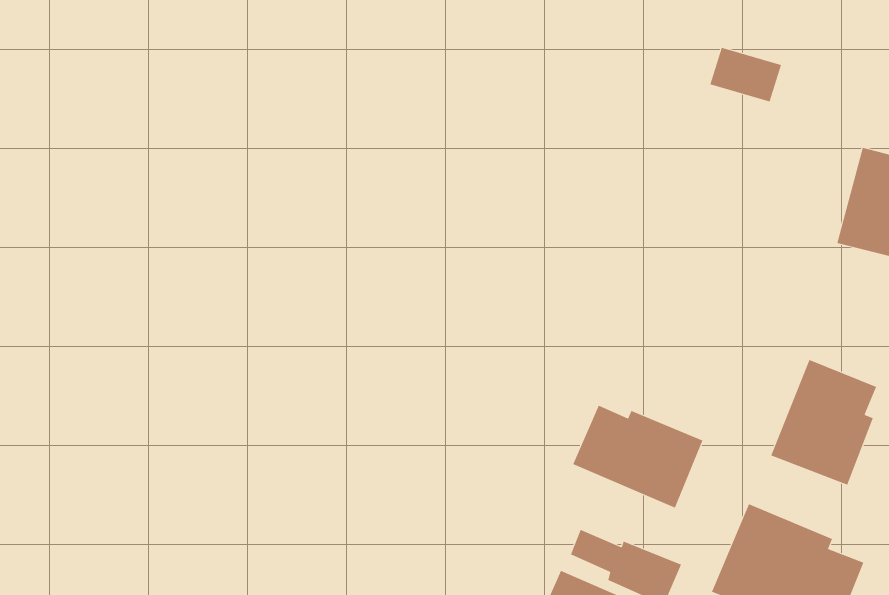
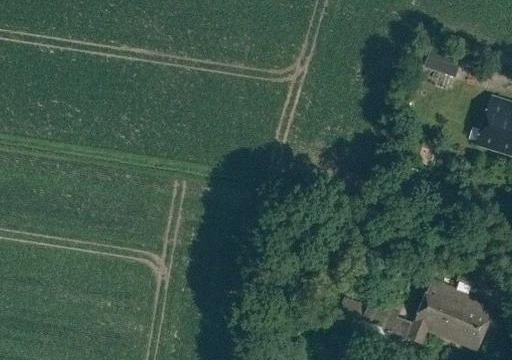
building: [770,359,877,486] -> none
building: [573,405,703,509] -> none

